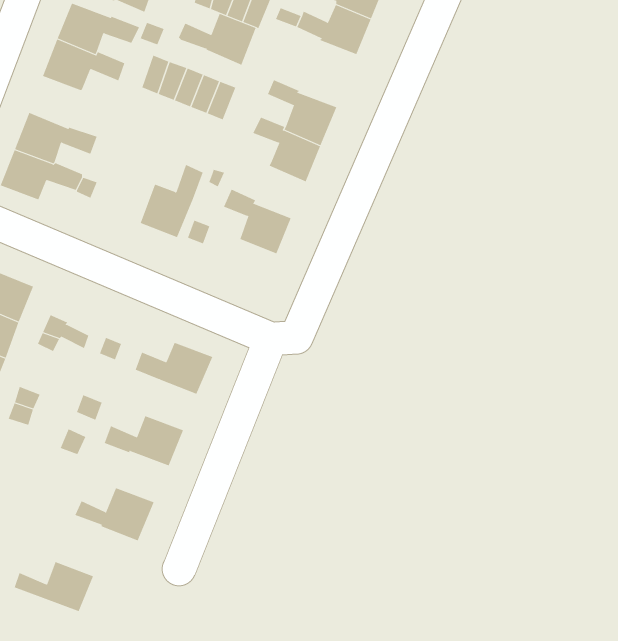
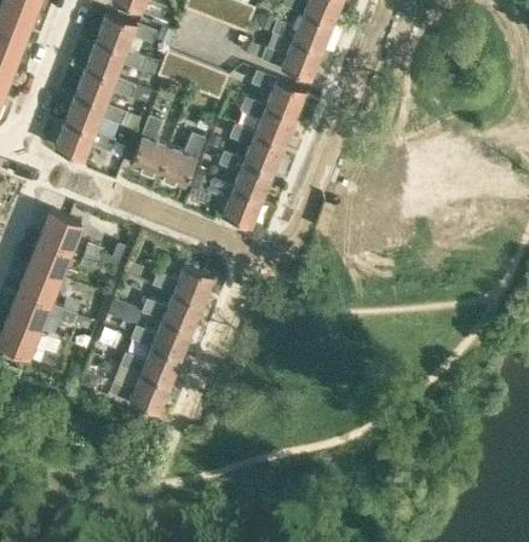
building: [178,13,257,65] -> [261,41,320,80]
building: none -> [76,68,137,106]
building: none -> [131,116,169,177]
building: none -> [232,125,282,173]
building: none -> [211,178,260,226]
building: none -> [144,293,201,330]
building: [14,561,94,612] -> [121,346,180,384]

